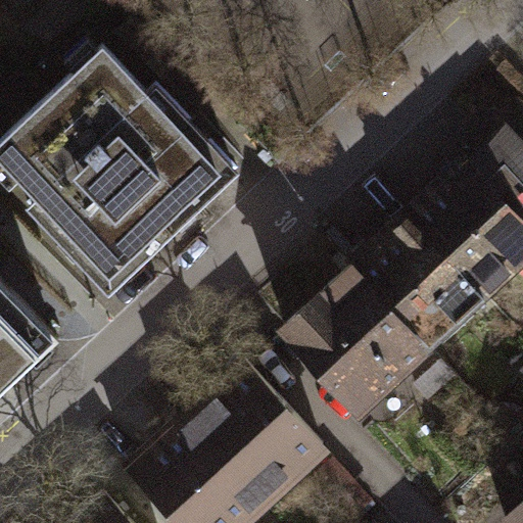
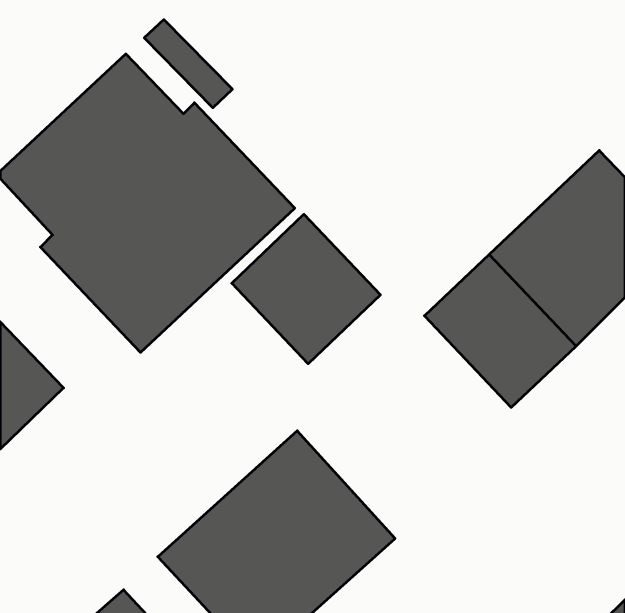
building: none -> [232,214,380,364]
building: [290,274,427,412] -> none

